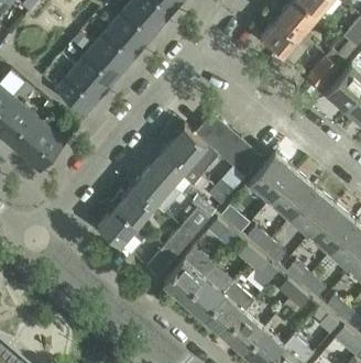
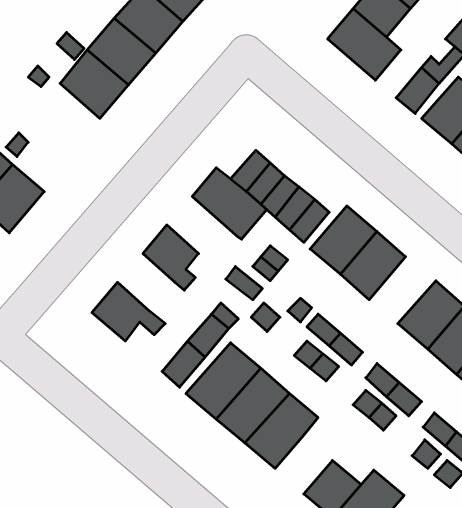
building: [55,68,102,114] -> none
building: [149,146,200,186] -> none
building: [110,186,154,226] -> none
building: [288,188,335,234] -> none
building: [223,311,263,352] -> none

